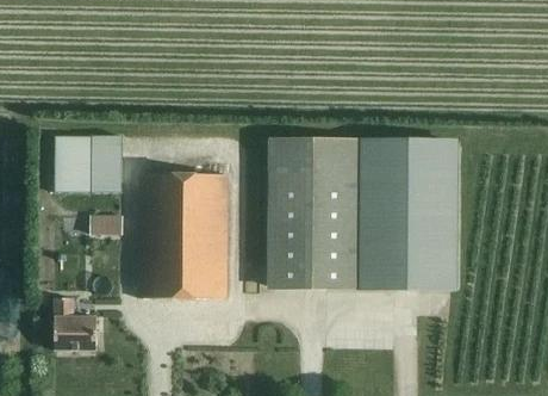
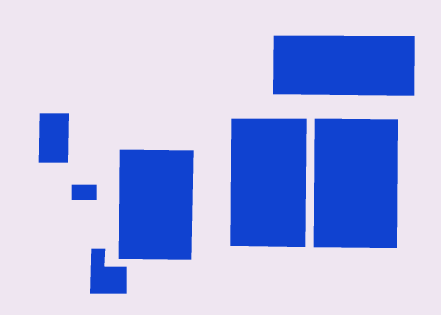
building: none -> [272,35,416,96]
building: [88,135,122,193] -> none
building: [54,297,96,349] -> [89,248,128,295]

